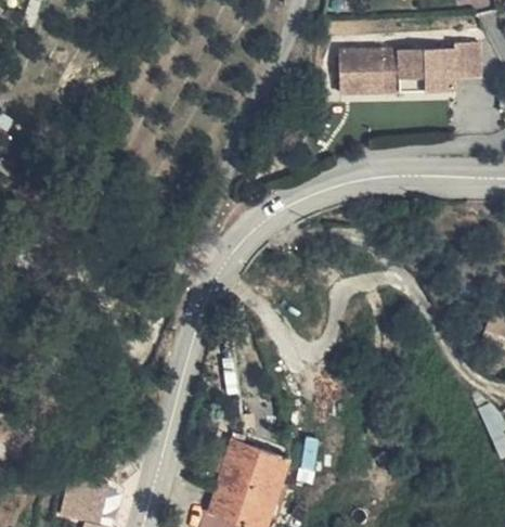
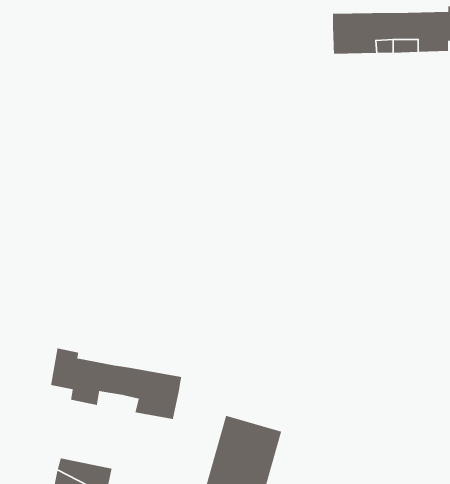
building: none -> [50,348,182,420]

